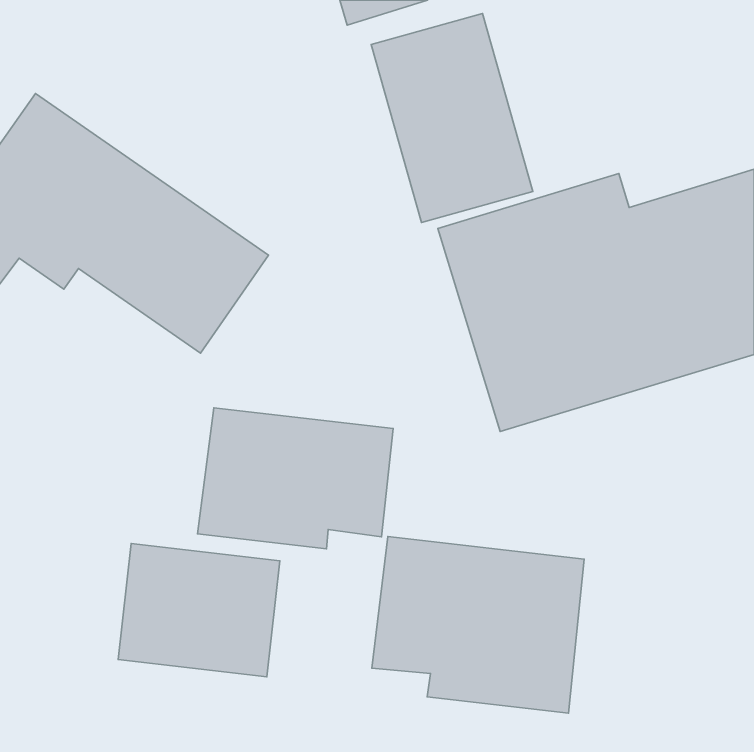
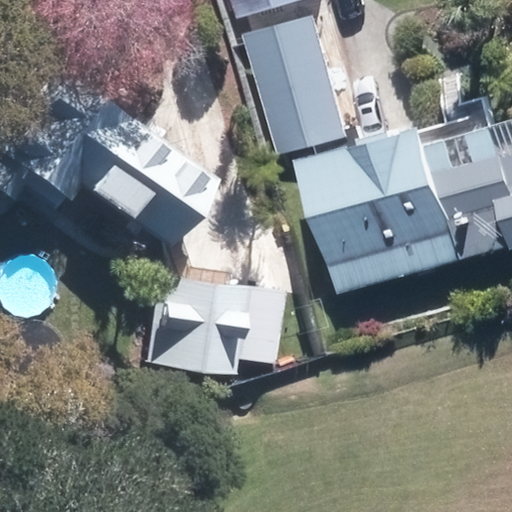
building: [372,536,584,713] -> none
building: [118,544,280,677] -> none

